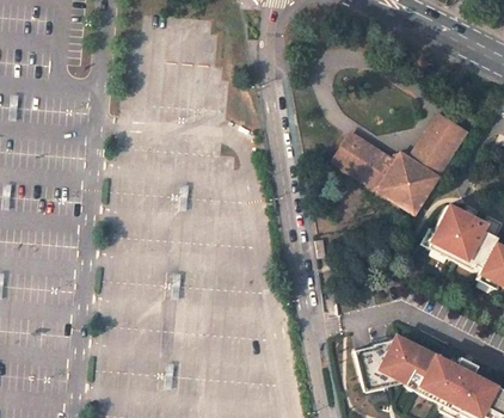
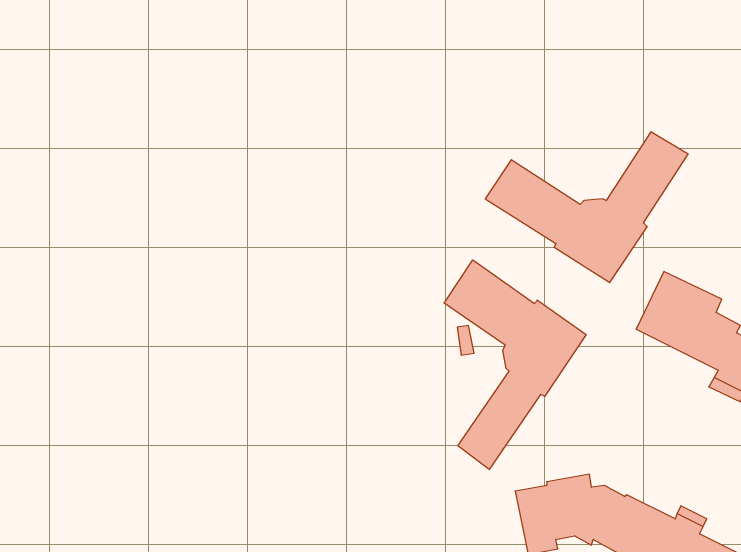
building: none -> [444,260,586,470]

